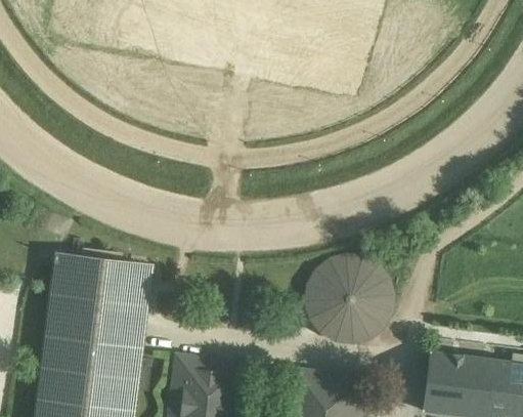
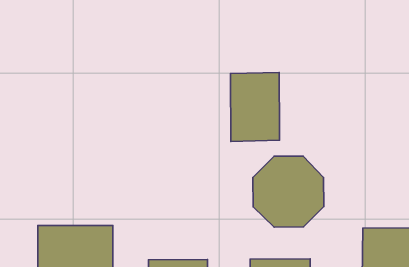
building: none -> [230,72,280,141]
building: [54,257,147,312] -> none

